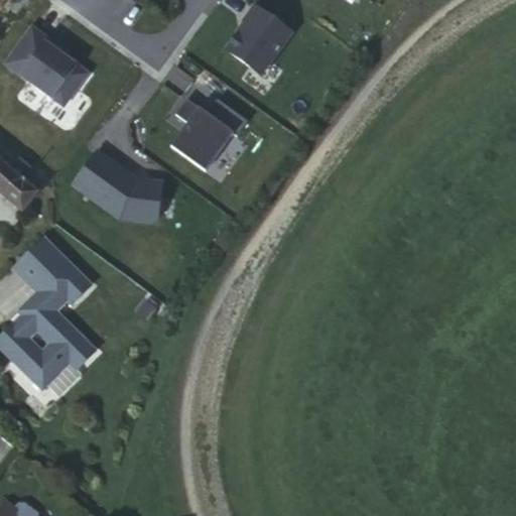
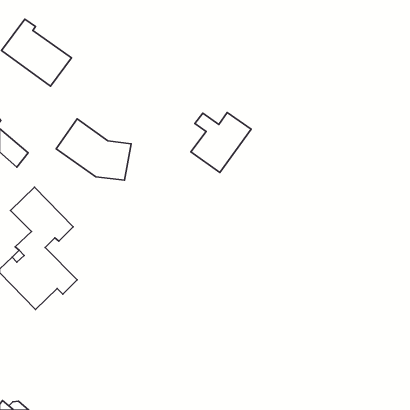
building: [226,5,291,76] -> none
building: [170,98,246,173] -> [191,112,251,173]

